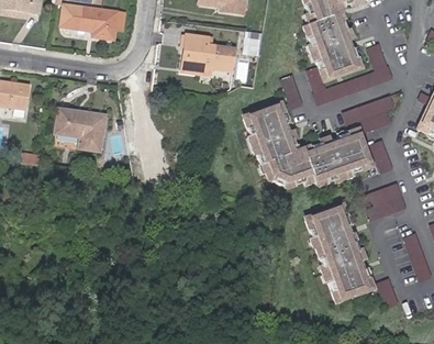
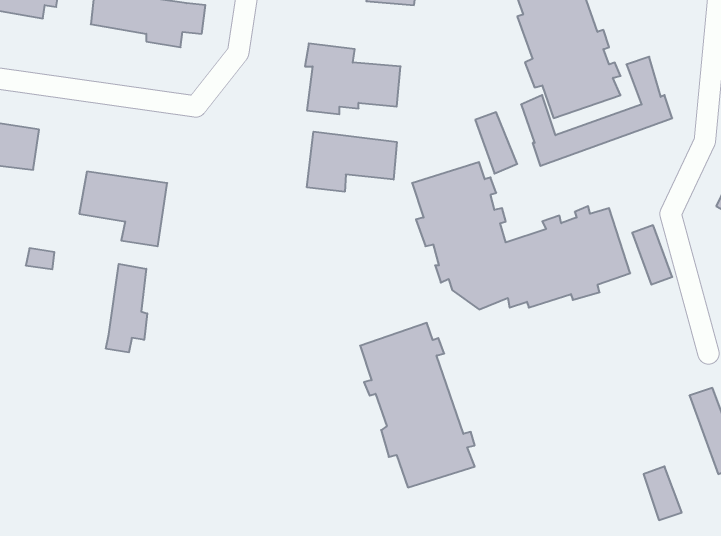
building: none -> [307,132,397,192]
building: [343,96,396,134] -> none
building: none -> [106,264,147,352]
building: [360,182,408,222] -> none
building: [298,208,364,302] -> [360,323,475,487]

